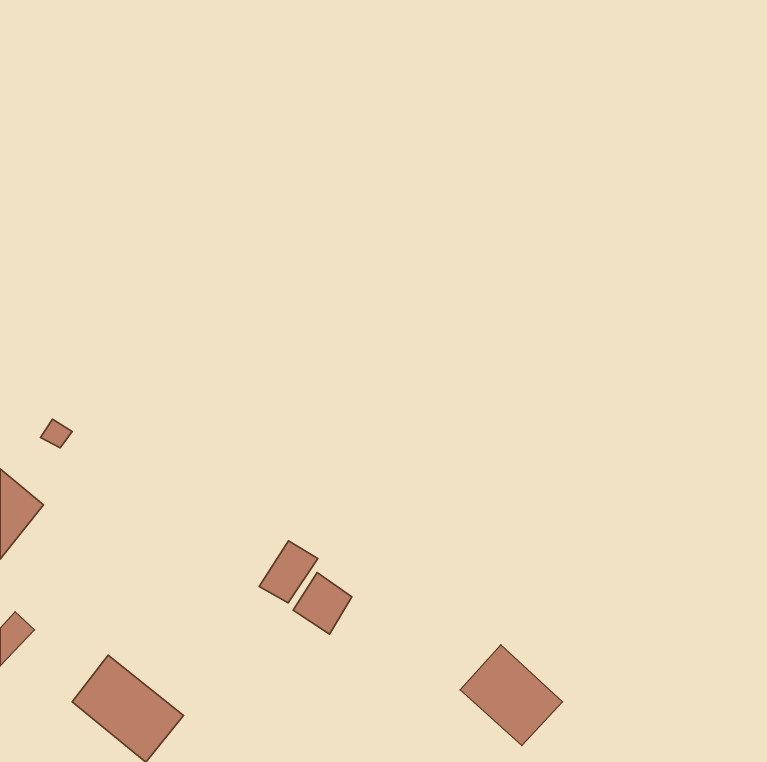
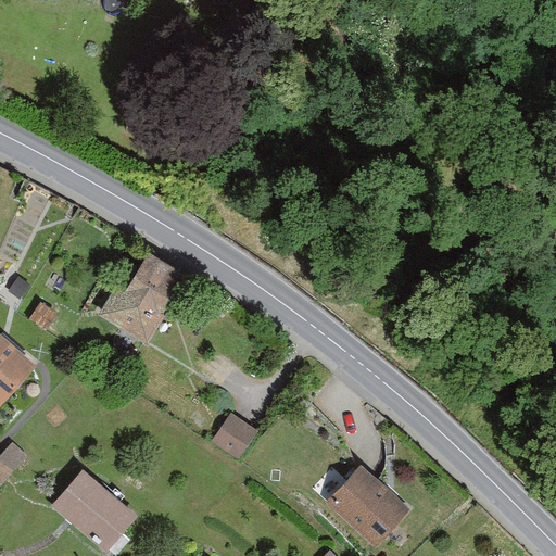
building: none -> [98,254,178,346]
building: [259,541,318,603] -> none

